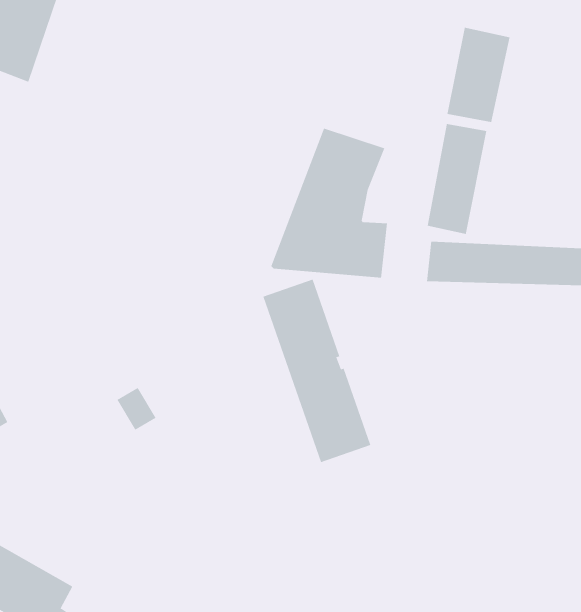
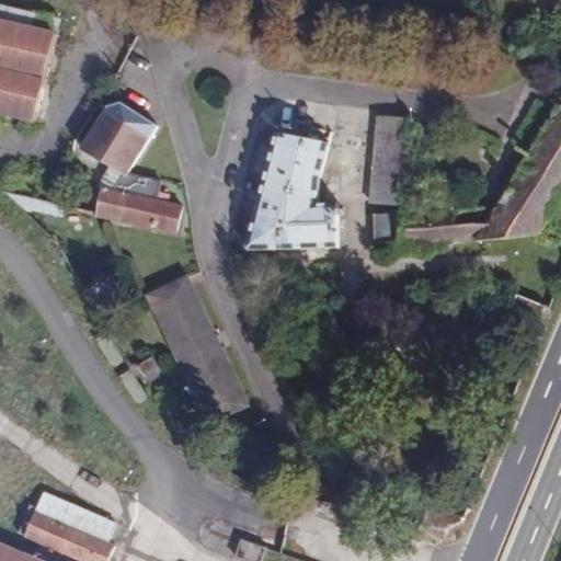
building: [447,27,510,123] -> none
building: none -> [79,103,180,233]
building: [262,279,371,463] -> [145,276,245,424]

